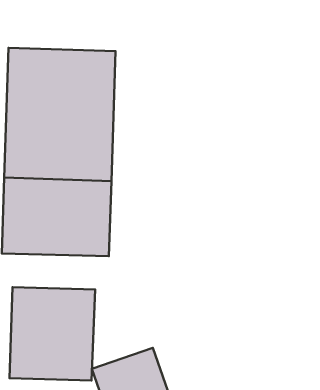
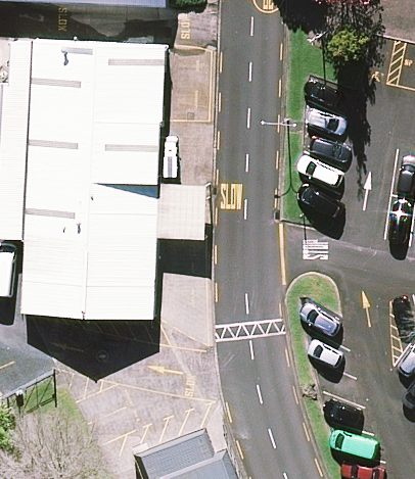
building: [10,287,95,381] -> none

